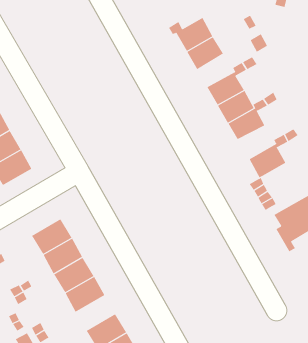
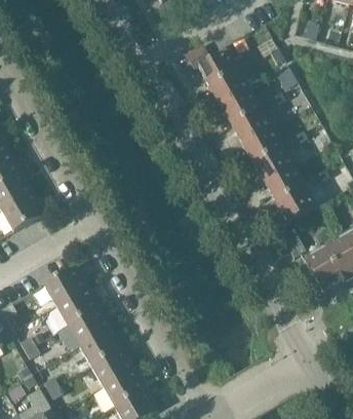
building: none -> [221,89,261,125]
building: none -> [264,166,305,202]
building: none -> [90,348,133,386]

